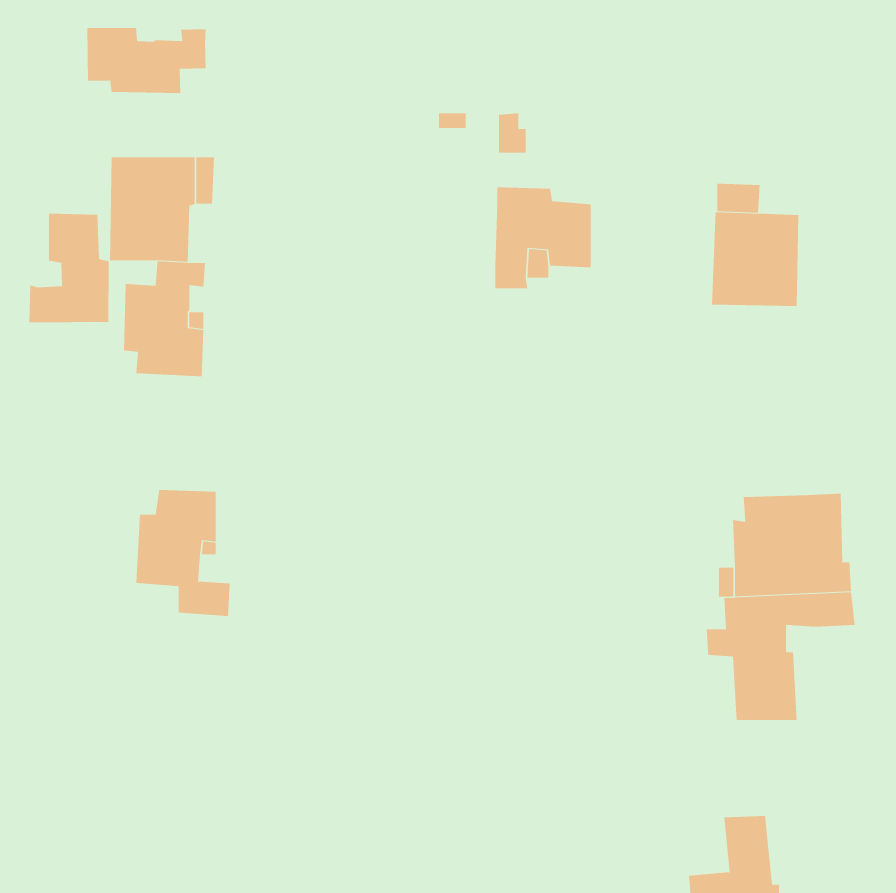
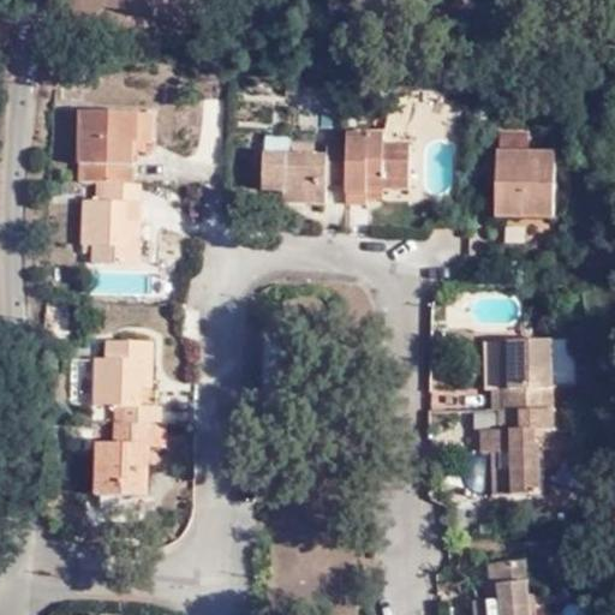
building: [87,27,206,94] -> none
building: none -> [258,144,339,201]
building: [29,213,109,323] -> none
building: none -> [92,423,162,494]

